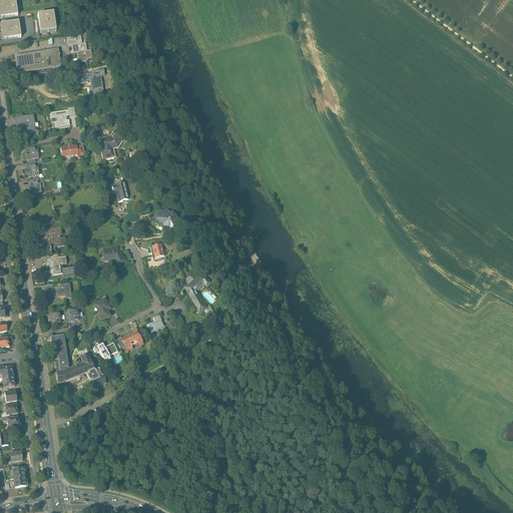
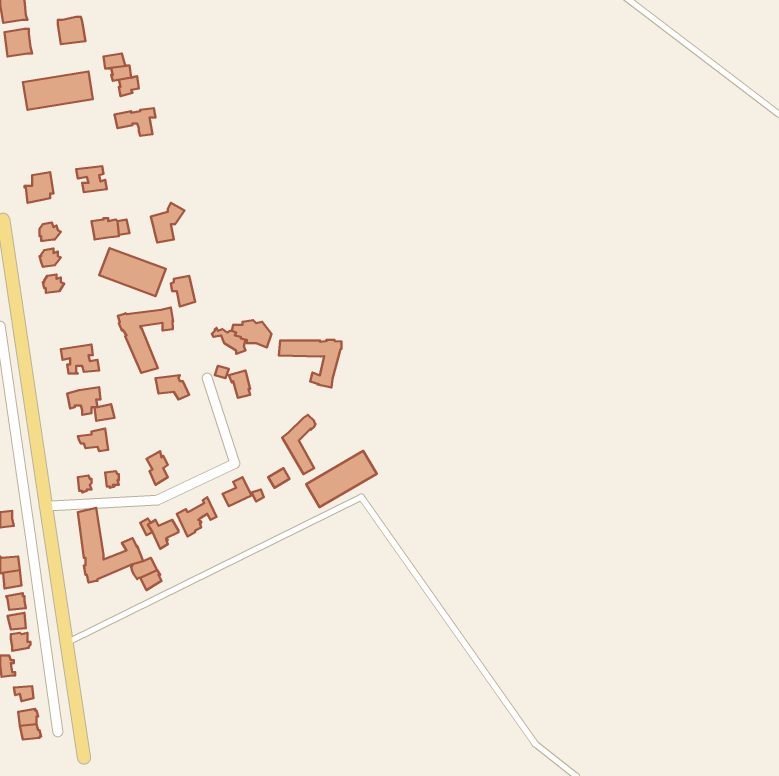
building: none -> [99,248,166,296]
building: none -> [118,308,173,373]
building: none -> [279,340,342,388]
building: none -> [306,451,377,507]

